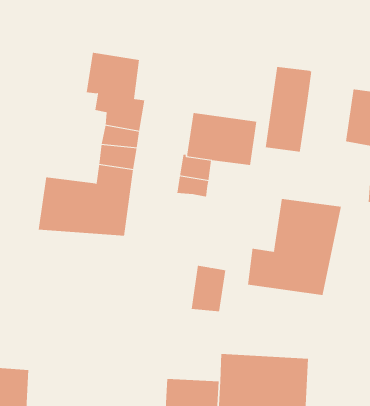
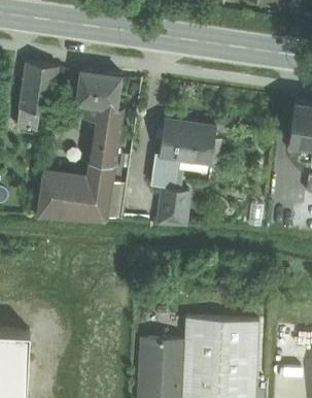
building: none -> [16,62,59,130]
building: [265,66,312,153] -> none
building: [247,198,342,296] -> none
building: [191,265,226,312] -> [159,187,187,225]

